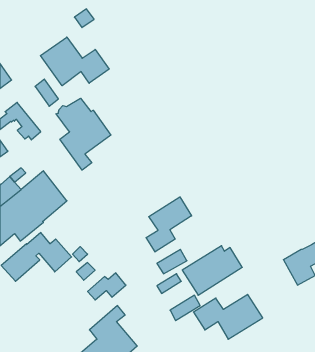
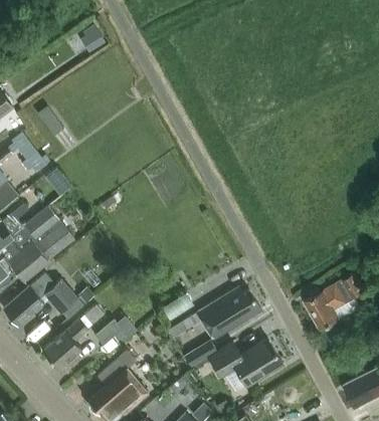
building: [40,37,109,86] -> none
building: [56,98,111,170] -> none
building: [146,197,192,252] -> none
building: none -> [41,321,87,370]

